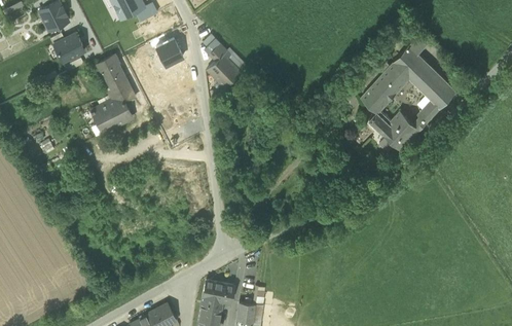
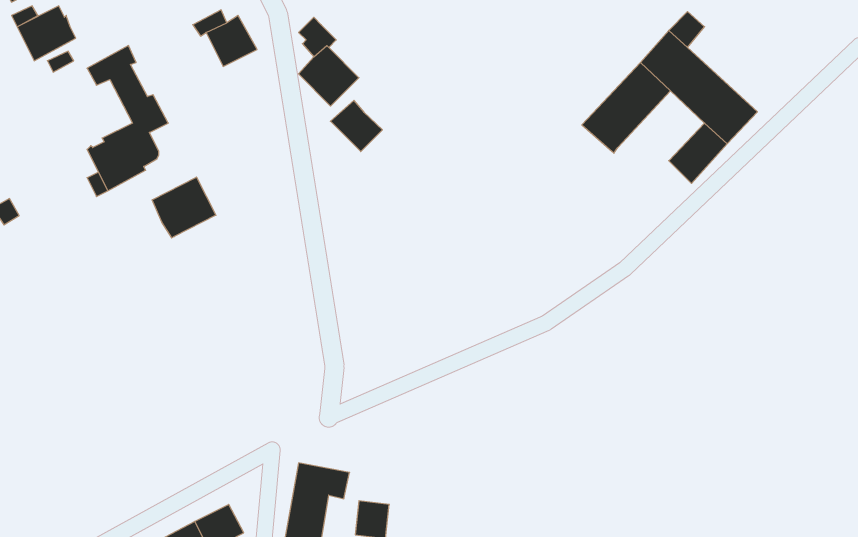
building: none -> [330,100,382,152]
building: [369,110,419,150] -> none
building: none -> [152,177,216,238]

